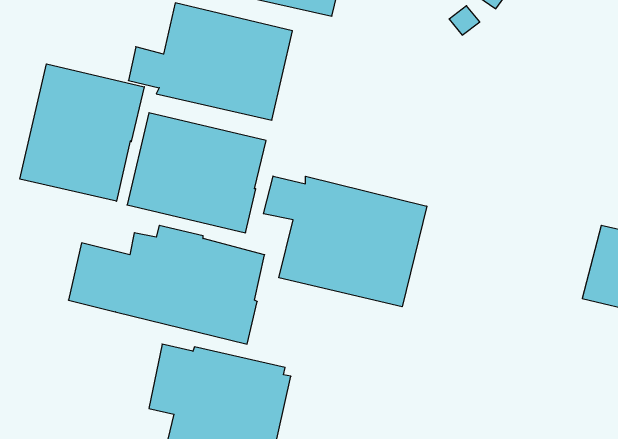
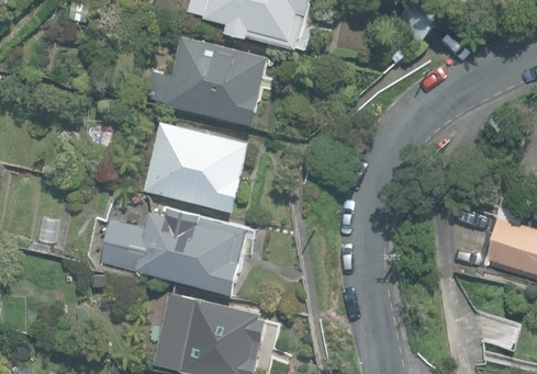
building: [20,64,144,201] -> none
building: [263,176,427,307] -> none

